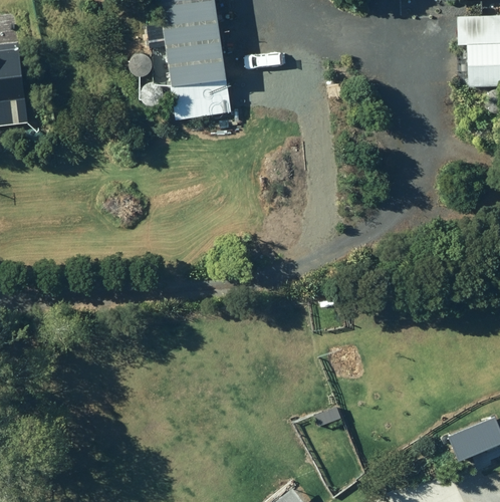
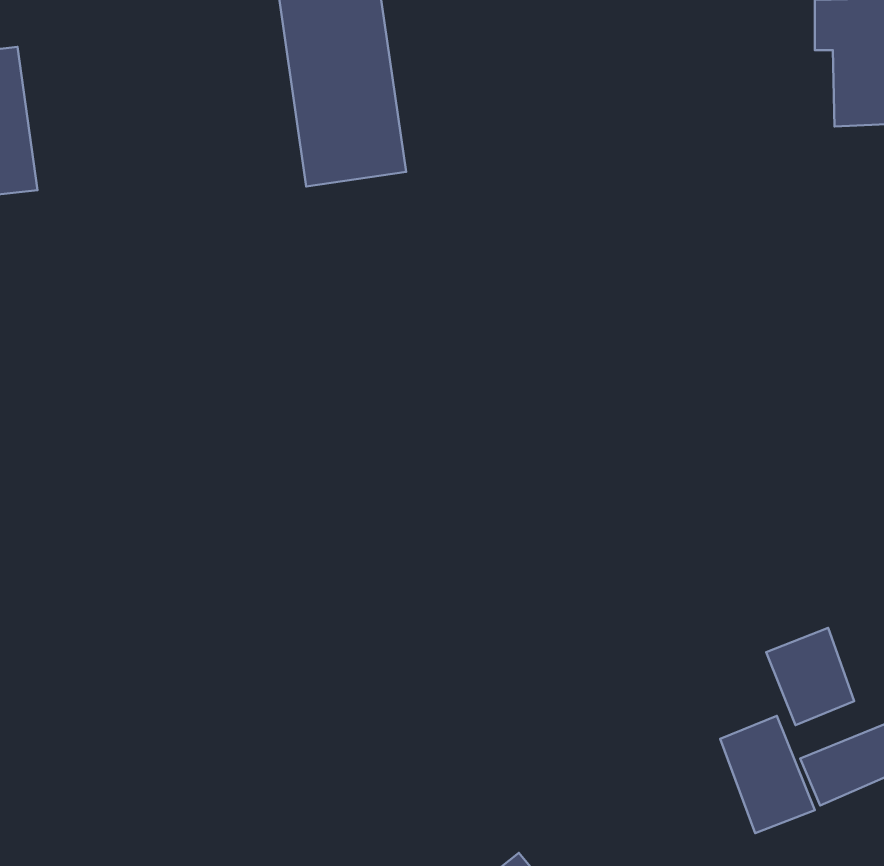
building: none -> [766,628,854,725]
building: none -> [720,716,815,833]

